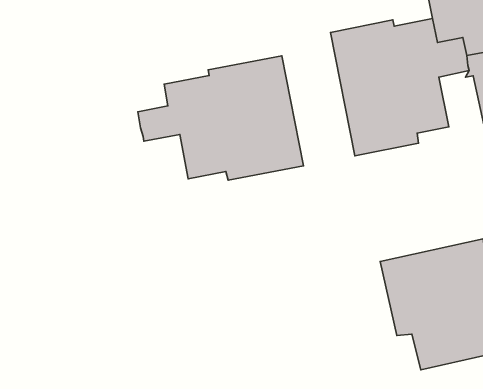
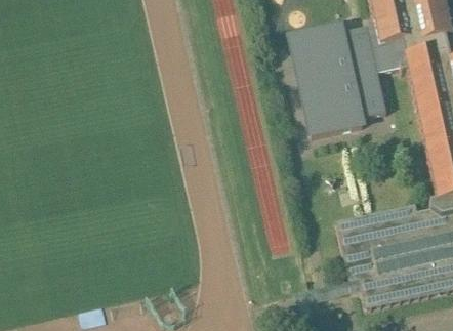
building: [138,56,303,180] -> none

